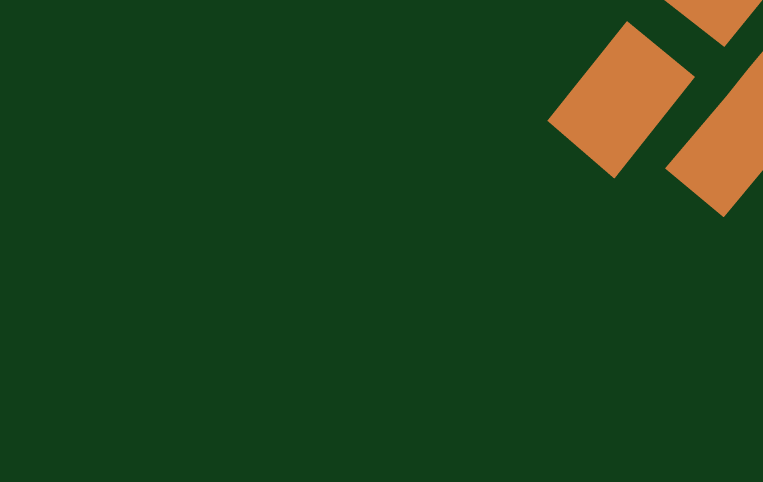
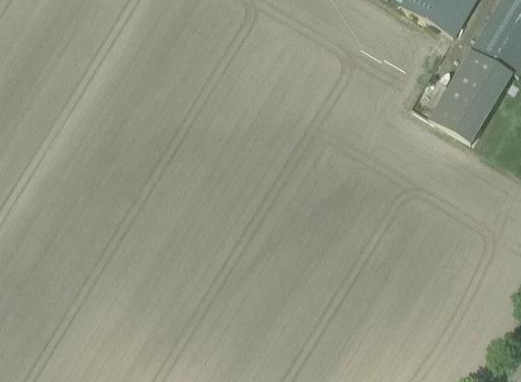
building: [546,20,696,180] -> none

